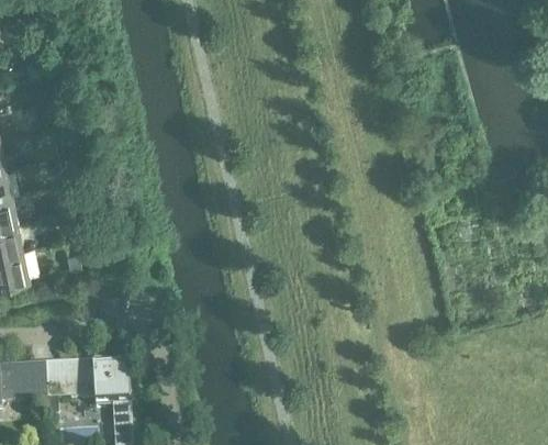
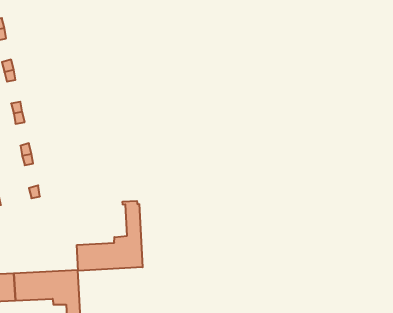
building: none -> [77,201,143,271]

